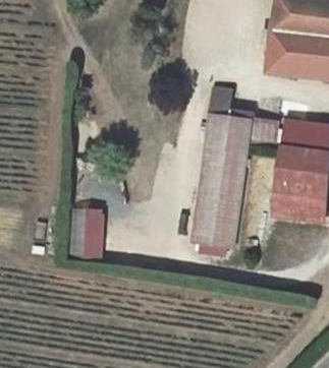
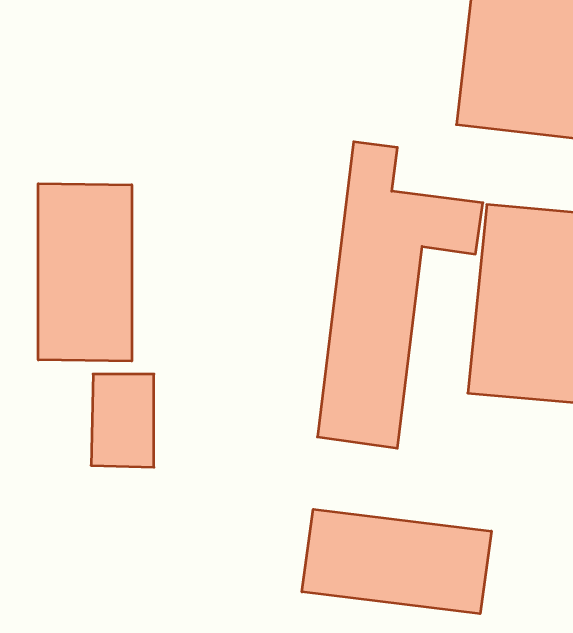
building: none -> [38,184,132,361]
building: none -> [302,509,491,614]

